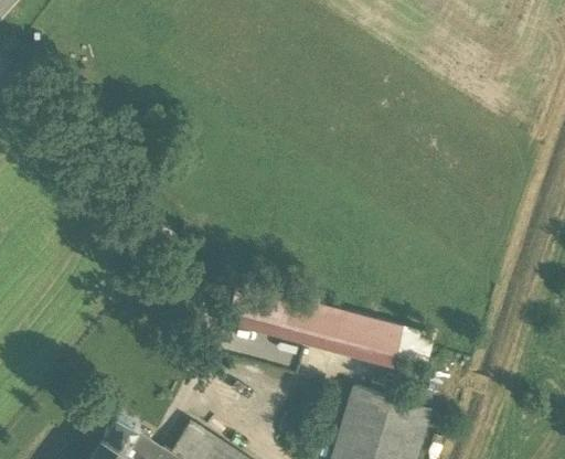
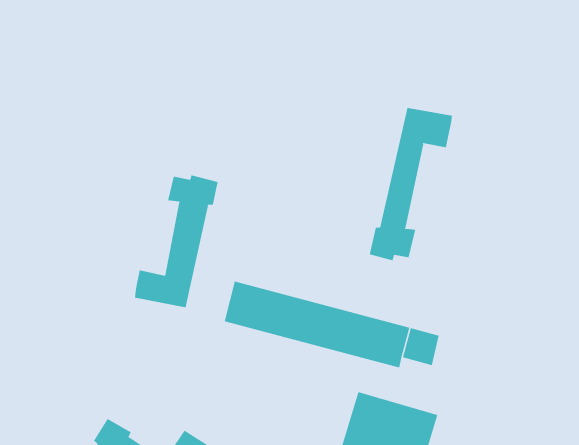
building: none -> [369,107,452,261]
building: none -> [134,174,218,308]

